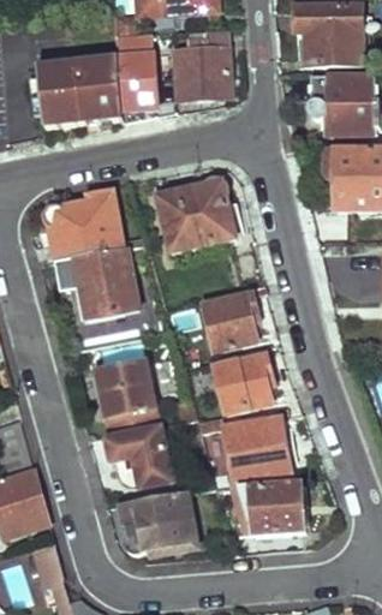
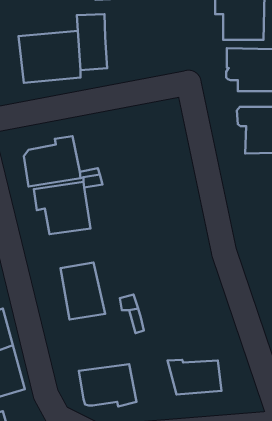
building: [178,32,232,97] -> none
building: [155,179,233,251] -> none
building: [201,292,255,350] -> none
building: [214,353,269,412] -> none
building: [222,418,290,482] -> none
building: [102,426,167,484] -> none

